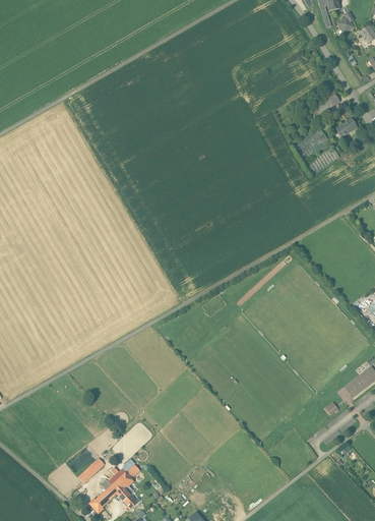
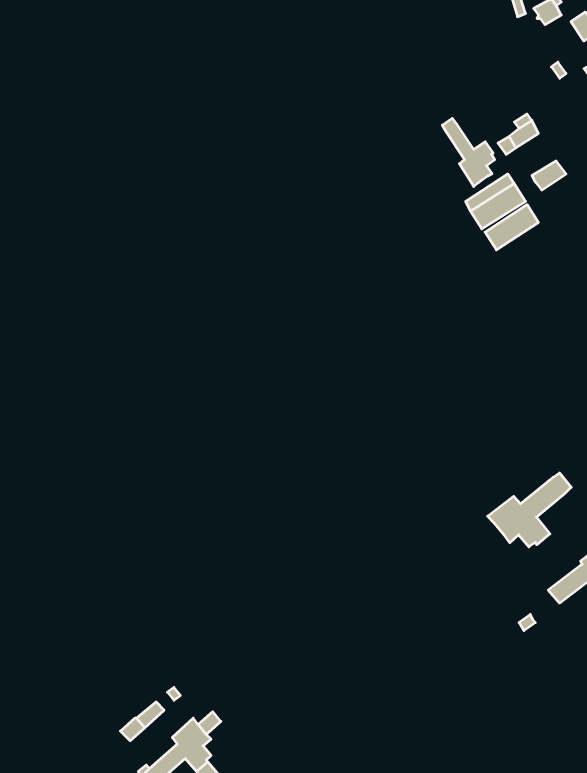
building: none -> [442,118,495,187]
building: none -> [488,473,571,547]

